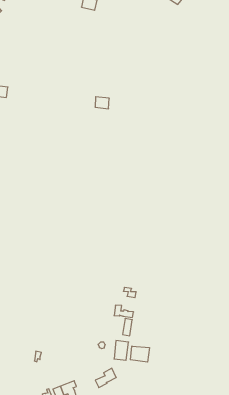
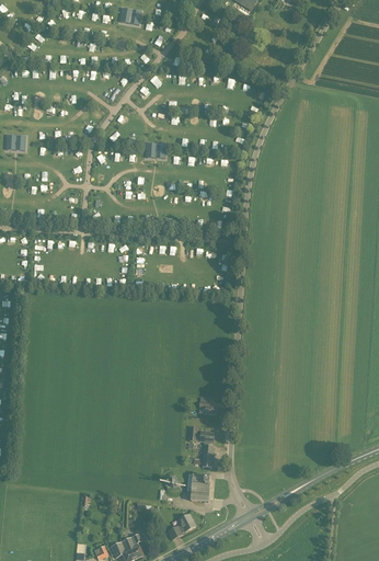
building: [130,346,149,362] -> none

